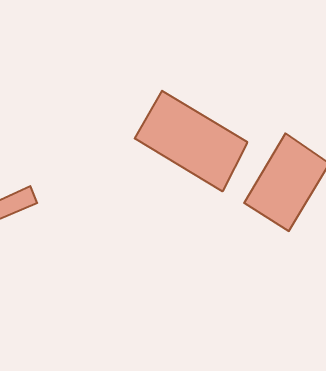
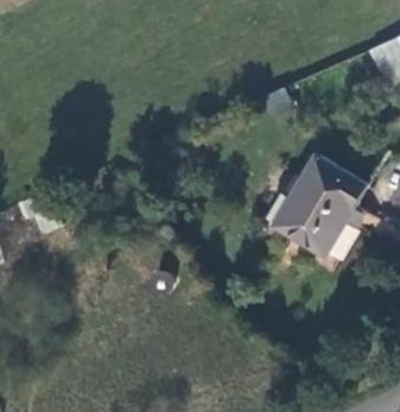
building: [135,91,247,191] -> none

